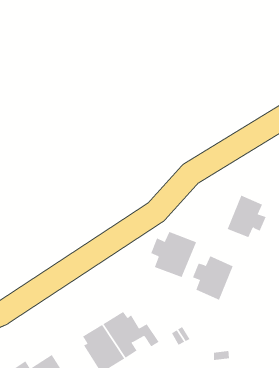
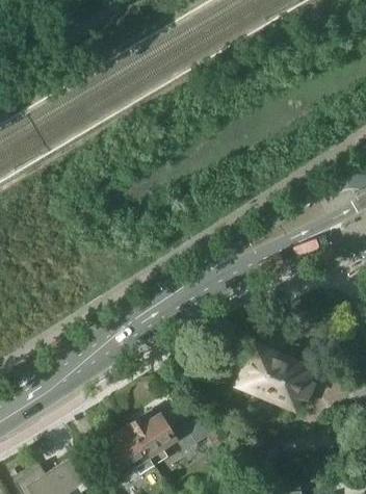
building: [227,195,266,238] -> [270,361,317,412]
building: [150,231,197,278] -> none

